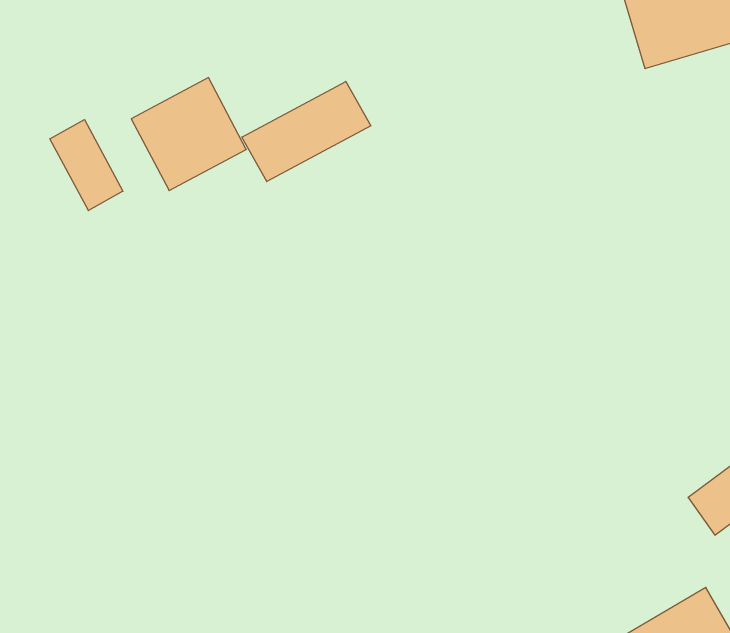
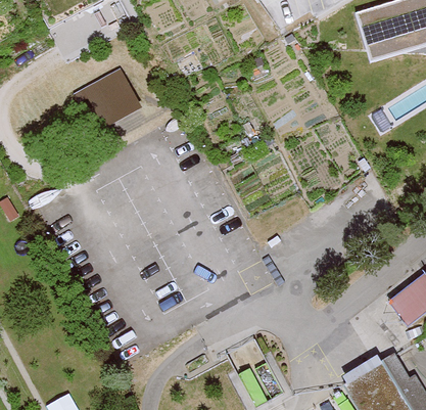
building: [242,81,371,182] -> none
building: [50,120,123,211] -> none

